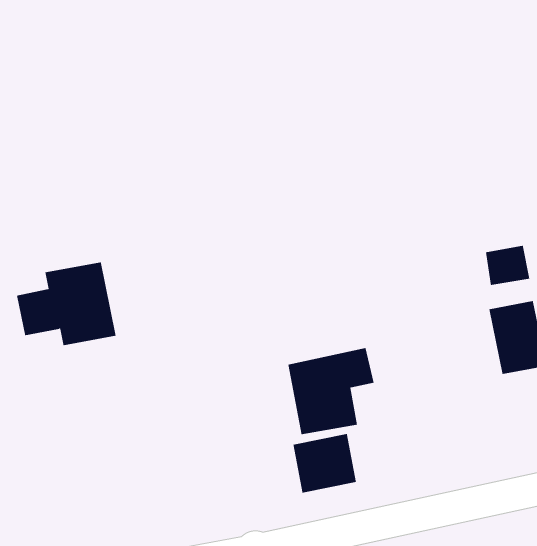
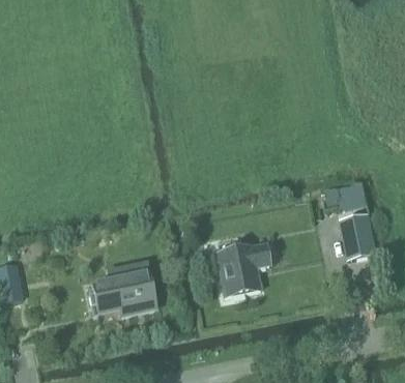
building: [16,262,117,346] -> [92,264,154,316]
building: [293,433,357,494] -> none

